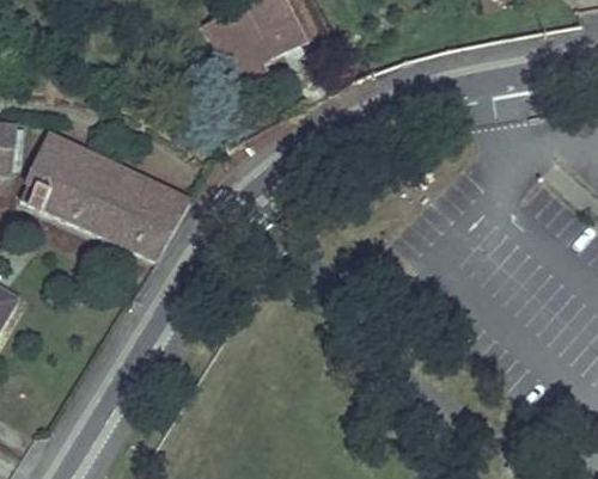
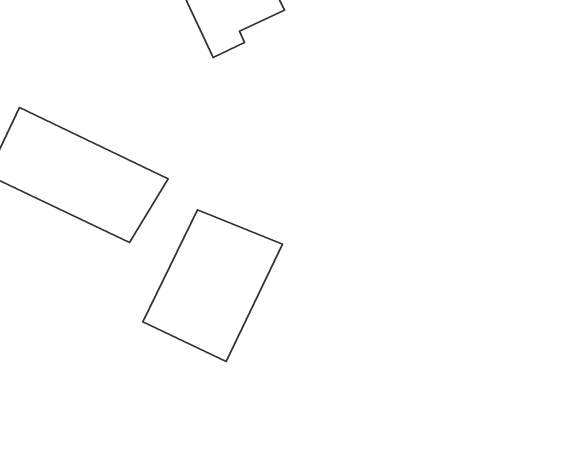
building: none -> [143,210,283,362]

